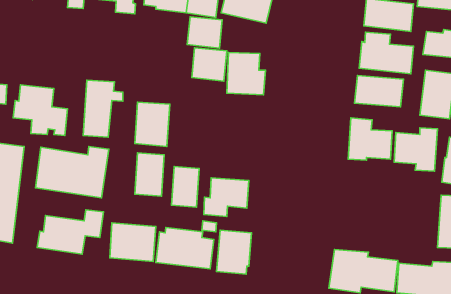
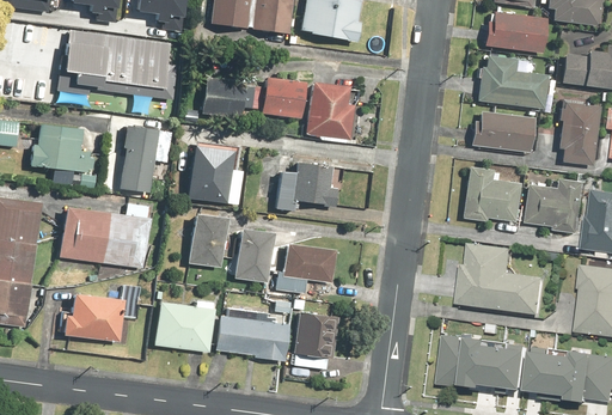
building: none -> [59,26,177,98]
building: [187,17,222,48] -> [201,78,246,118]
building: none -> [275,158,336,209]
building: none -> [459,242,550,316]

